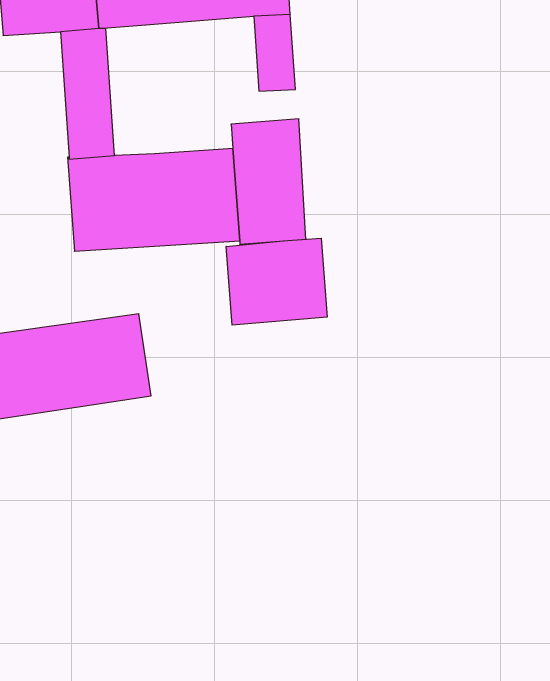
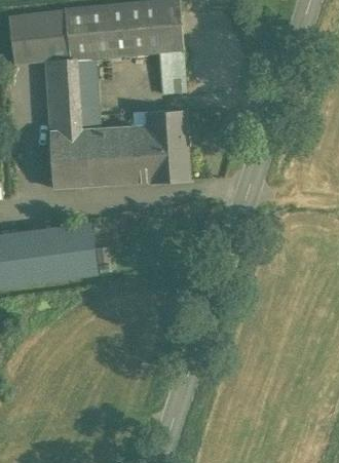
building: none -> [72,54,101,131]
building: [226,238,327,325] -> none

